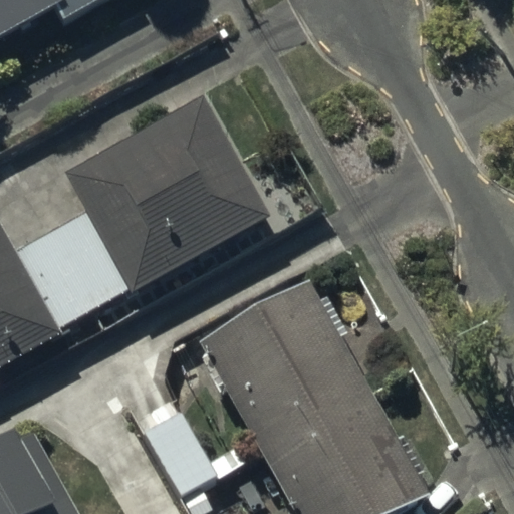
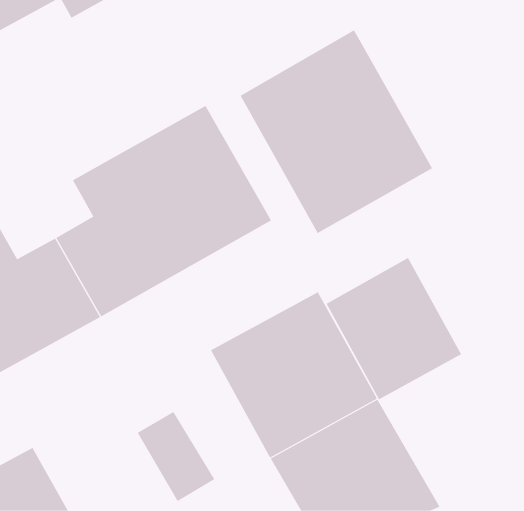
building: none -> [240,29,433,234]
building: none -> [326,257,462,400]

